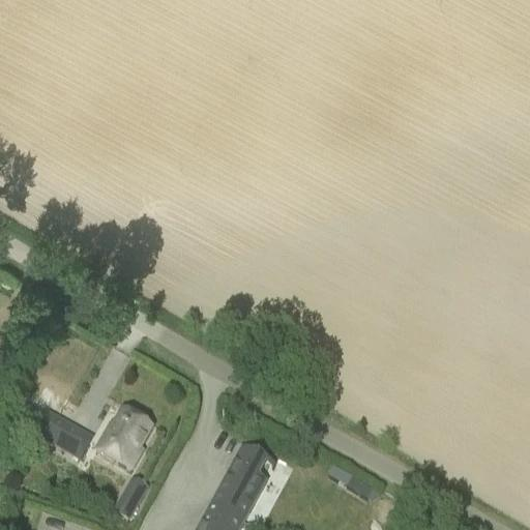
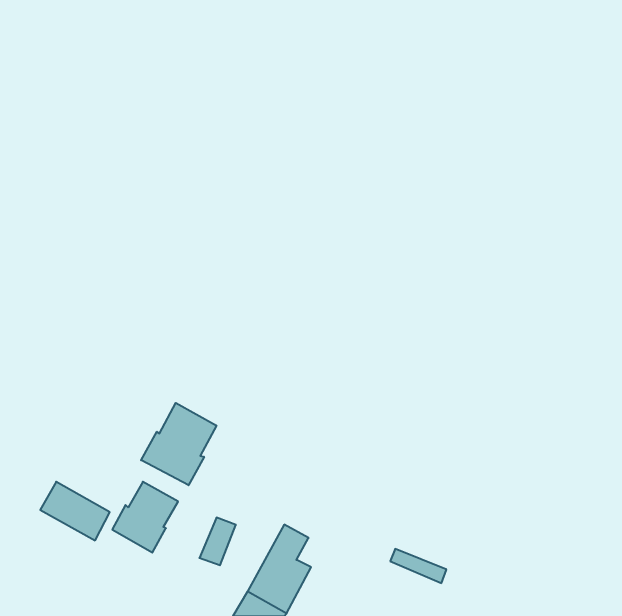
building: none -> [141,403,216,485]
building: [118,475,149,516] -> [199,518,236,565]

